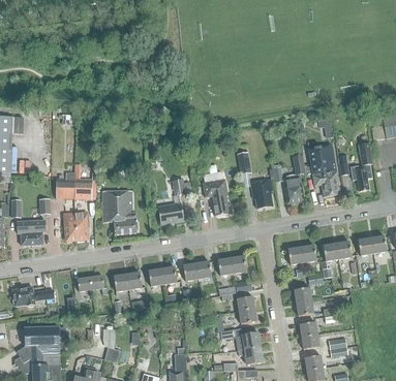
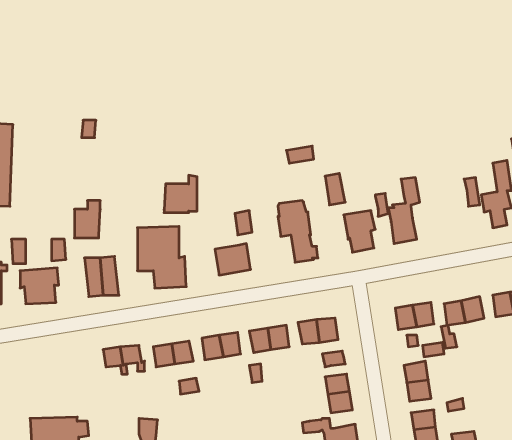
building: [307,142,340,195] -> none
building: [73,170,97,197] -> [164,175,197,213]
building: [11,286,55,306] -> none

